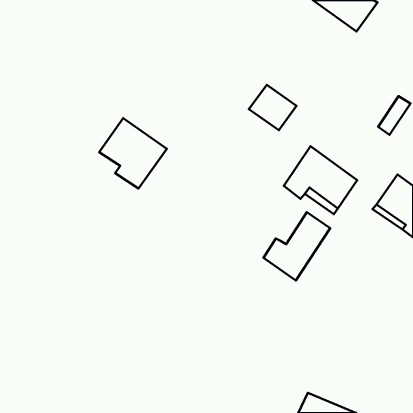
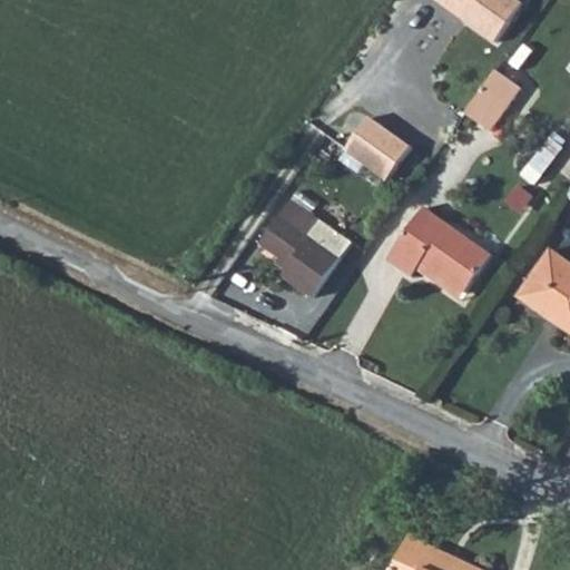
building: none -> [463,72,519,134]
building: [99,118,167,189] -> [254,199,347,296]
building: [264,212,330,281] -> none

